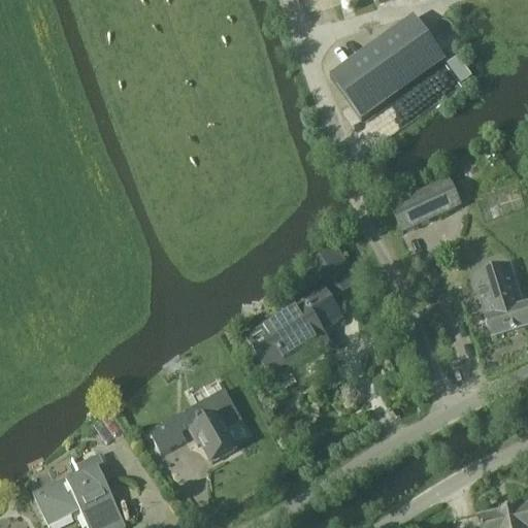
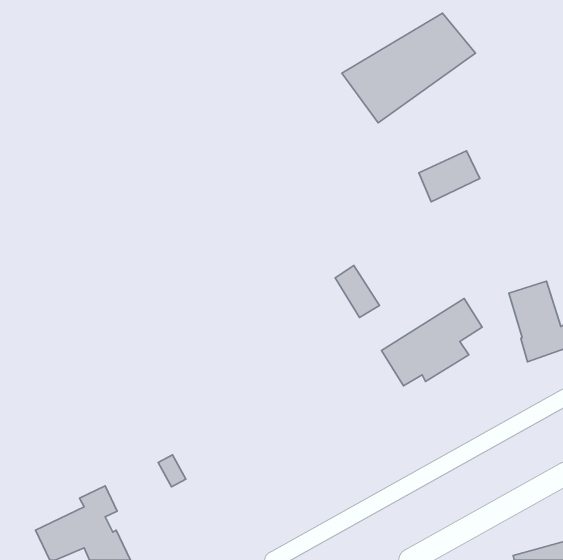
building: [394,185,451,232] -> [419,151,480,202]
building: [250,290,343,371] -> [381,298,482,386]
building: [175,390,241,460] -> none

